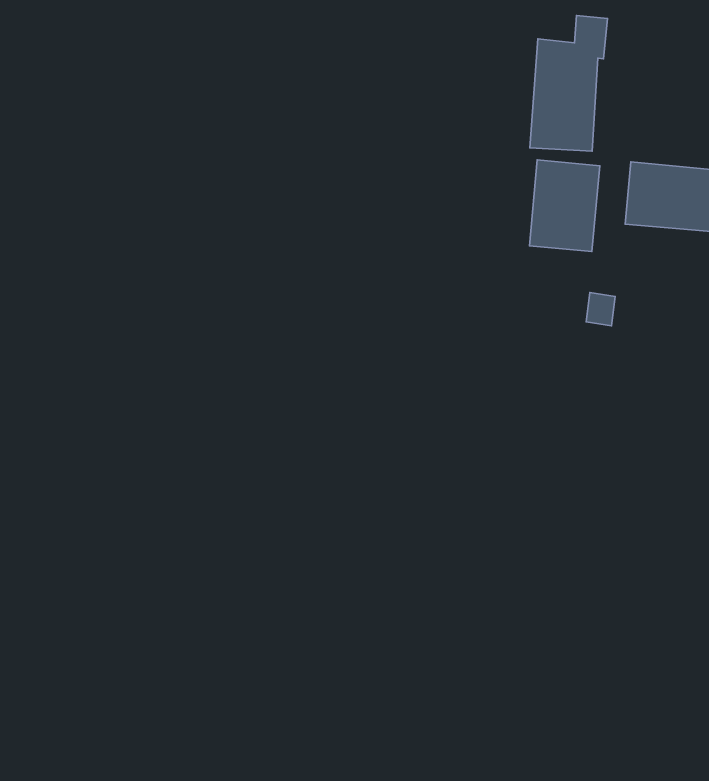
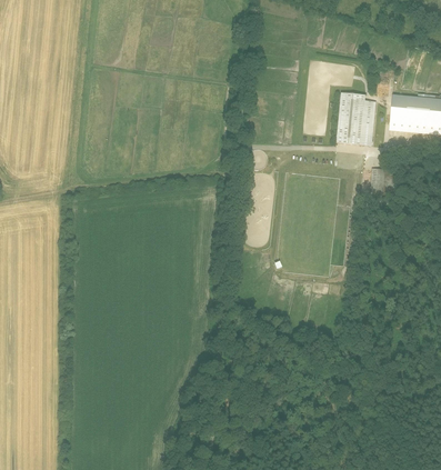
building: [530,16,608,151] -> none

